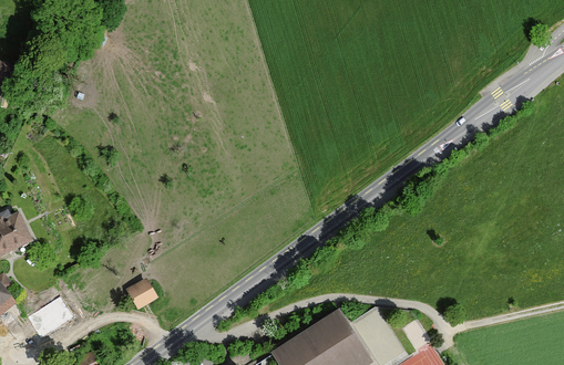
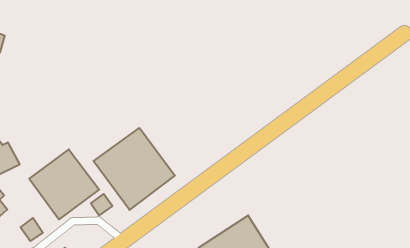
building: none -> [94,128,175,210]
building: none -> [29,149,99,219]

